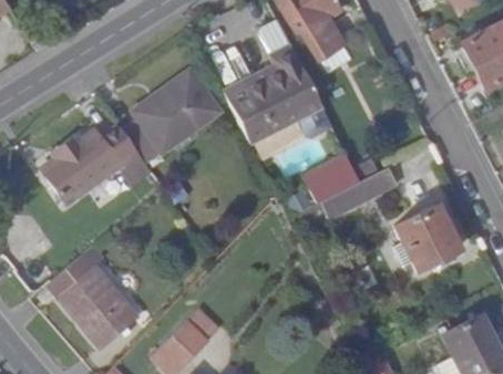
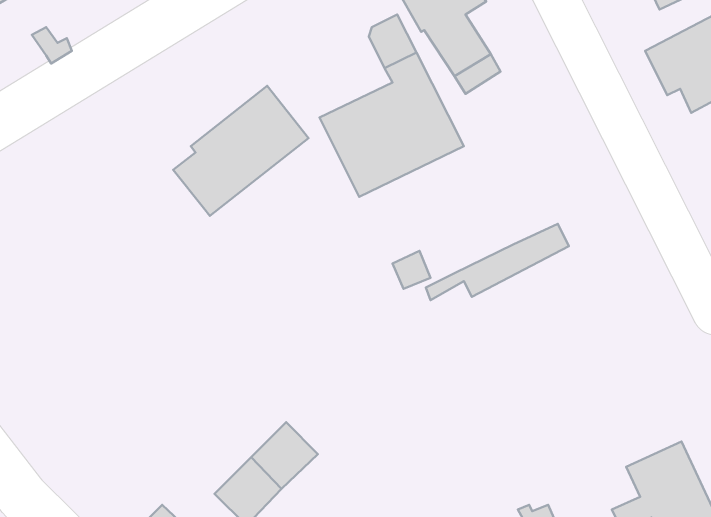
building: [43,126,146,206] -> none
building: [307,152,362,200] -> none
building: [394,206,459,271] -> none
building: [48,253,142,351] -> none

